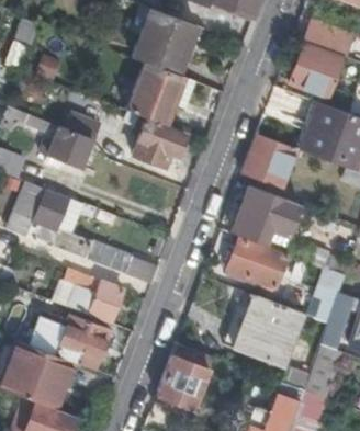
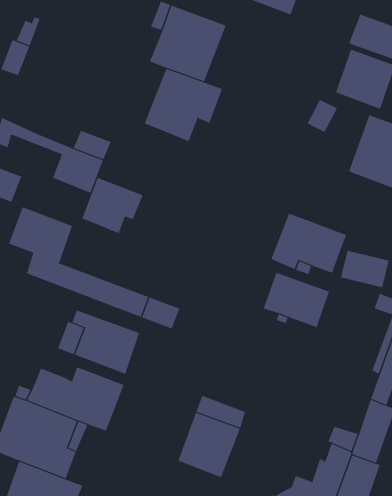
building: [133,121,185,169] -> [82,177,144,234]
building: [241,135,295,189] -> none
building: [235,296,304,366] -> none

